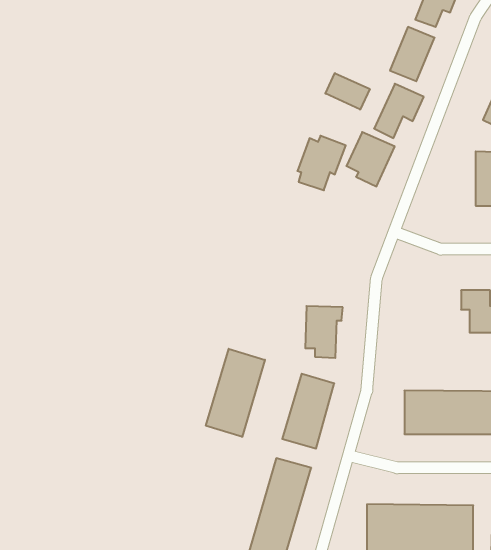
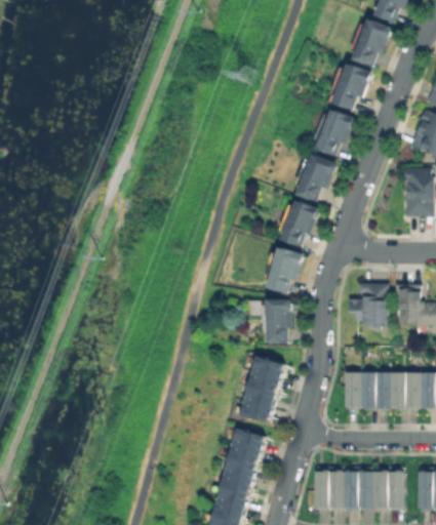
building: [325,73,370,110] -> none
building: [297,136,346,190] -> [280,200,321,246]
building: none -> [265,247,307,291]
building: none -> [349,283,389,327]
building: [206,349,265,437] -> none

